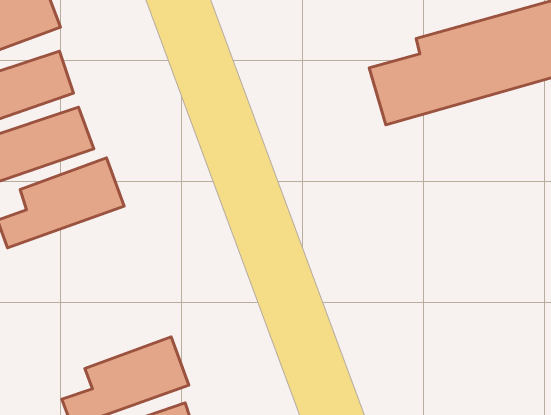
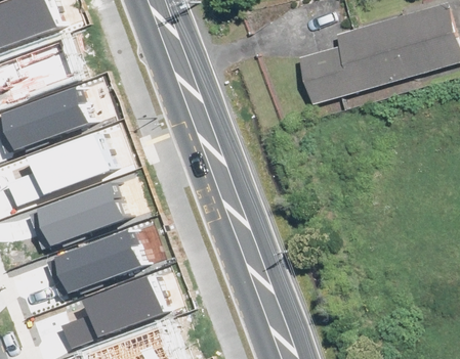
building: none -> [31,183,123,243]
building: none -> [51,229,143,290]

